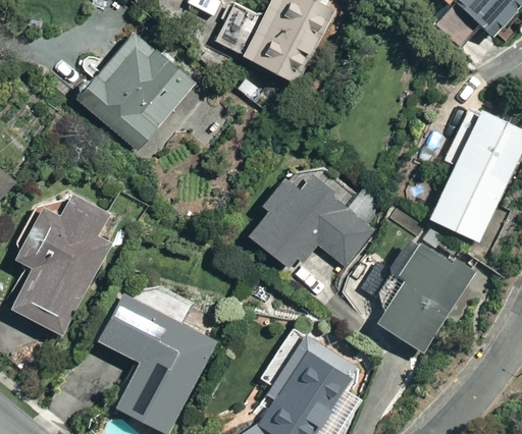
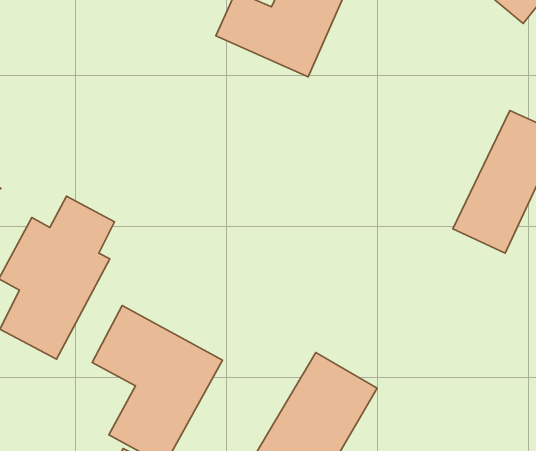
building: [81,37,193,149] -> none
building: [247,169,371,271] -> none
building: [377,246,471,352] -> none

